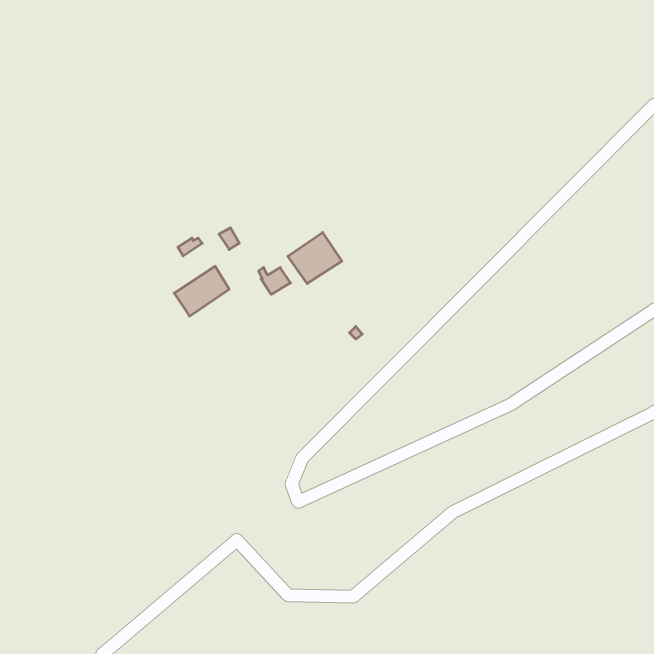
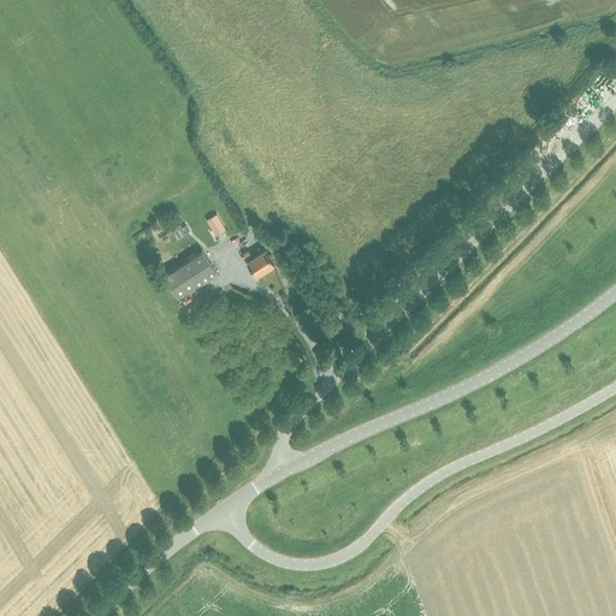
building: [288,232,342,284] -> none

